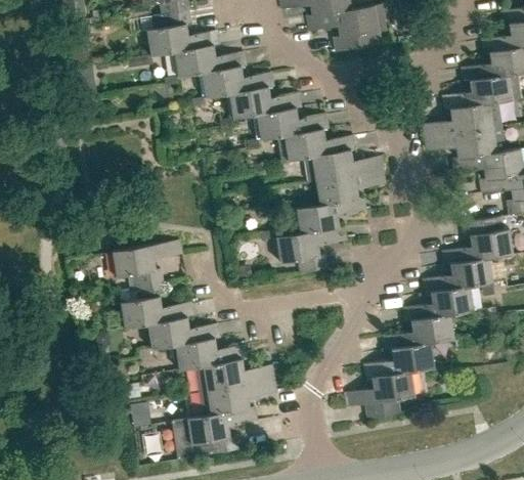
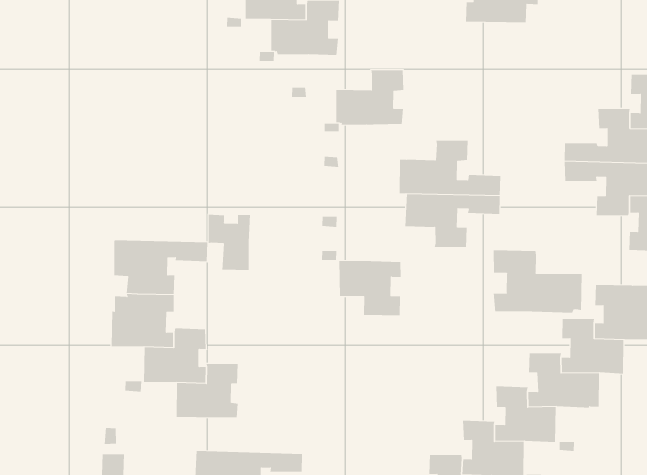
building: [228,72,277,119] -> none
building: [278,114,332,161] -> none
building: [296,202,346,245] -> none
building: none -> [493,250,582,314]
building: none -> [208,214,251,271]
building: [193,345,274,391] -> none

